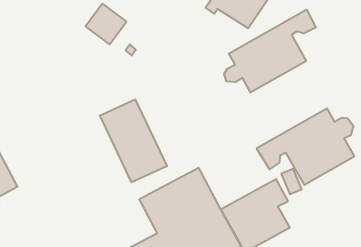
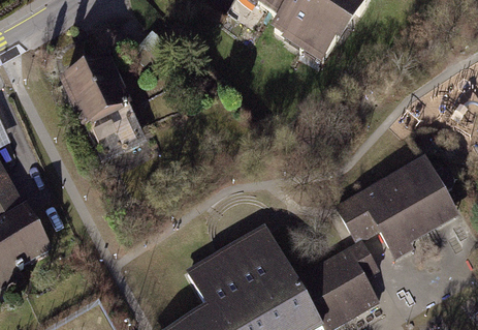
building: [224,10,316,92] -> none
building: [100,100,167,182] -> [64,61,146,161]

